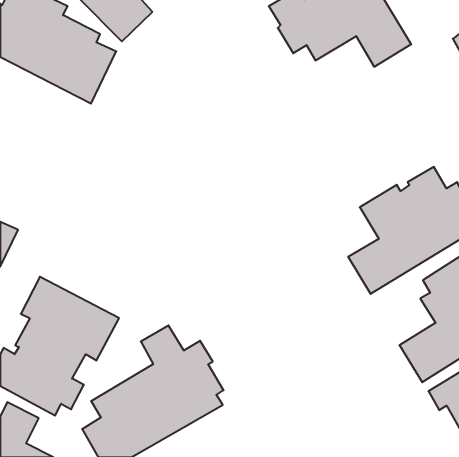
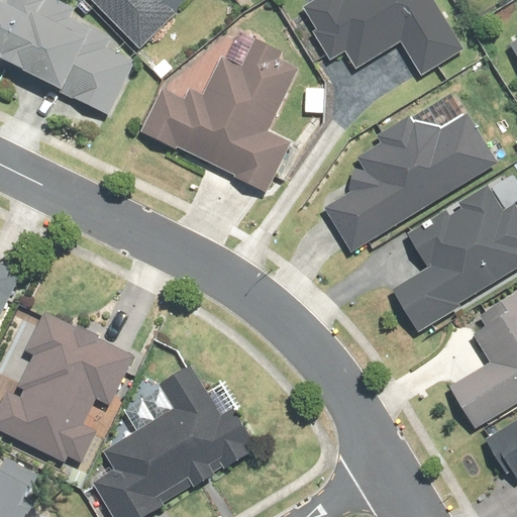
building: none -> [140,37,297,194]
building: none -> [324,113,499,251]

